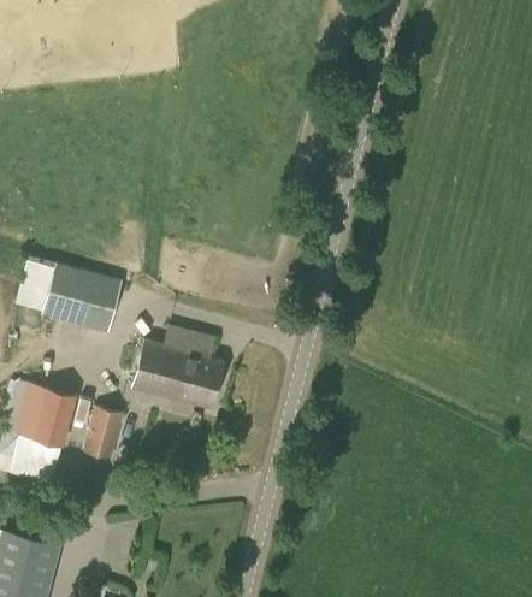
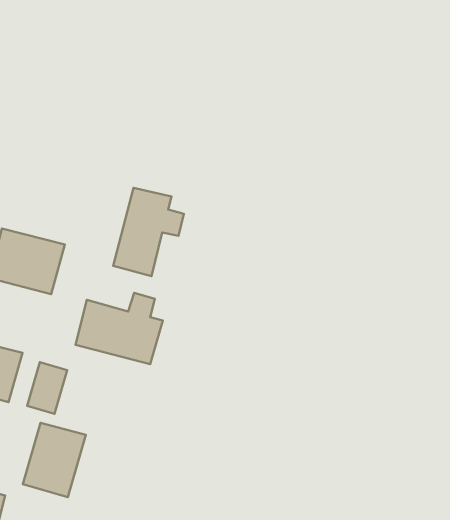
building: none -> [113,188,184,276]
building: none -> [23,423,86,497]

